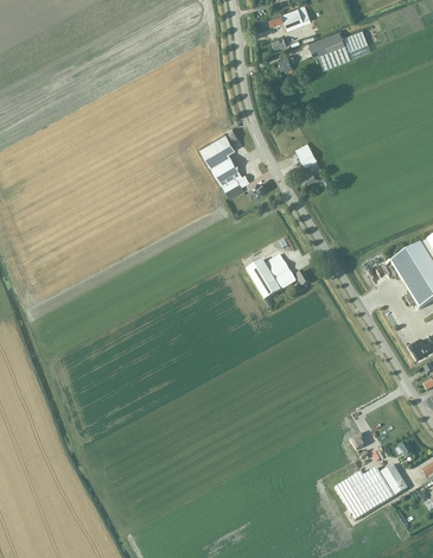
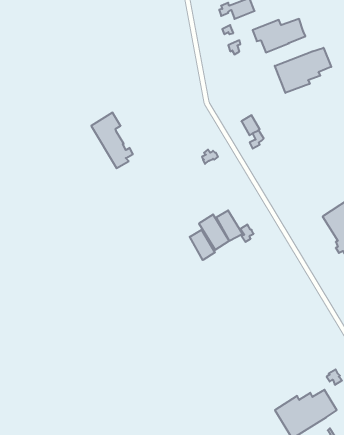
building: none -> [275,48,331,93]
building: [200,132,249,197] -> [91,113,133,168]
building: none -> [190,230,215,260]

